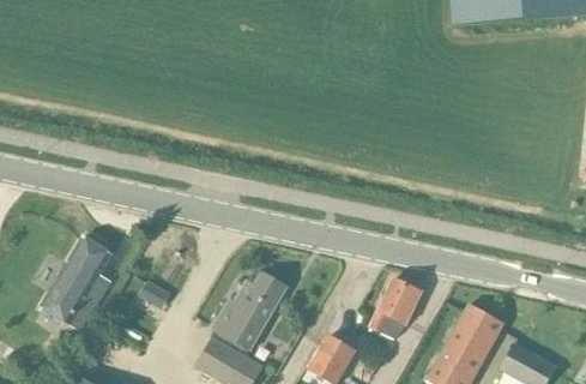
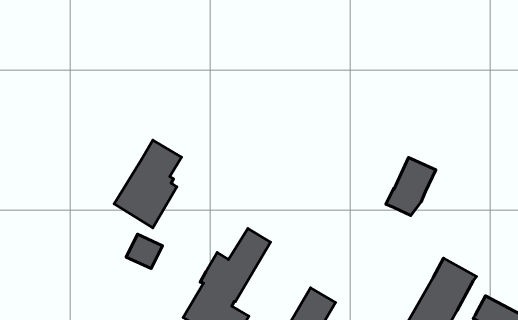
building: [41,236,111,329] -> [114,140,181,228]
building: [369,277,422,338] -> [386,157,436,216]

